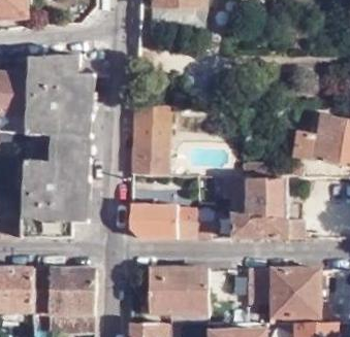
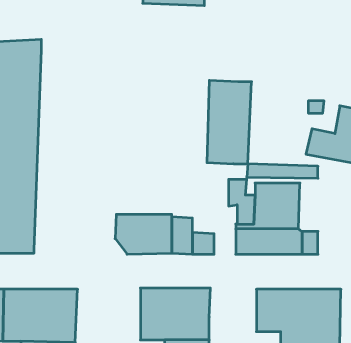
building: [59,53,92,236] -> none
building: [130,101,168,172] -> [207,80,252,164]

